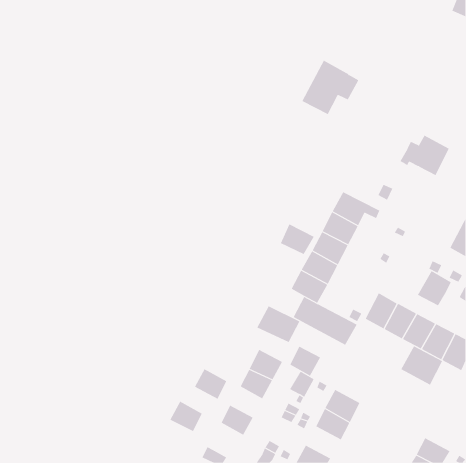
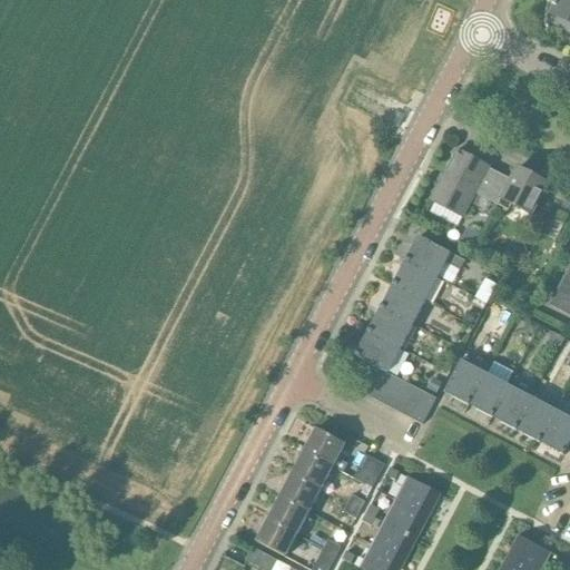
building: [302,60,359,115] -> [431,148,501,215]
building: [280,223,314,255] -> none
building: [417,270,452,306] -> none
building: [257,305,300,343] -> none
building: [401,346,443,385] -> none
building: [289,346,321,377] -> none
building: [194,369,227,400] -> [281,472,321,510]
building: [170,401,202,432] -> [257,517,297,554]
building: none -> [373,521,416,560]

